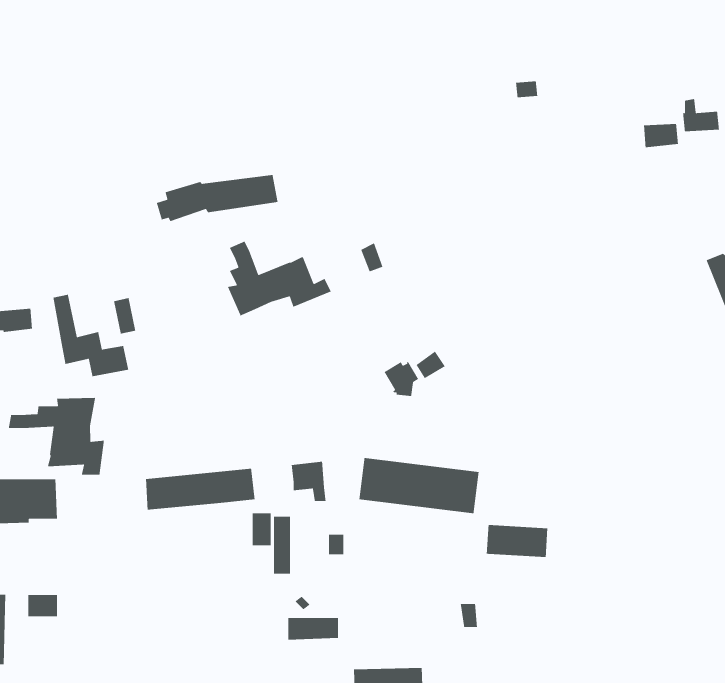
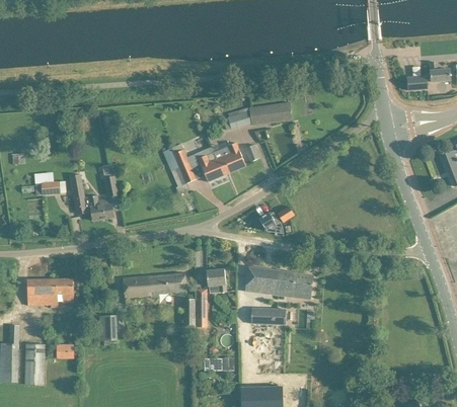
building: [156,174,279,222] -> [222,102,292,130]
building: none -> [213,142,245,172]
building: [8,396,105,475] -> none
building: [486,524,548,558] -> [249,307,285,326]
building: none -> [101,314,117,340]

